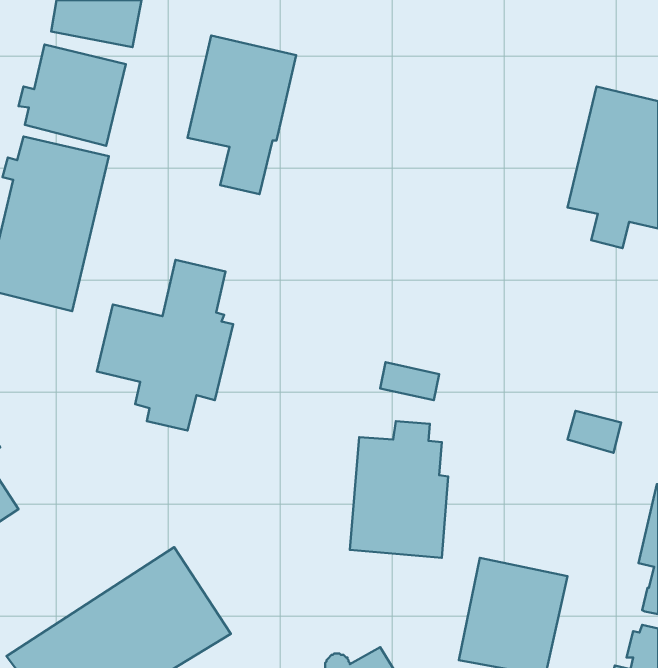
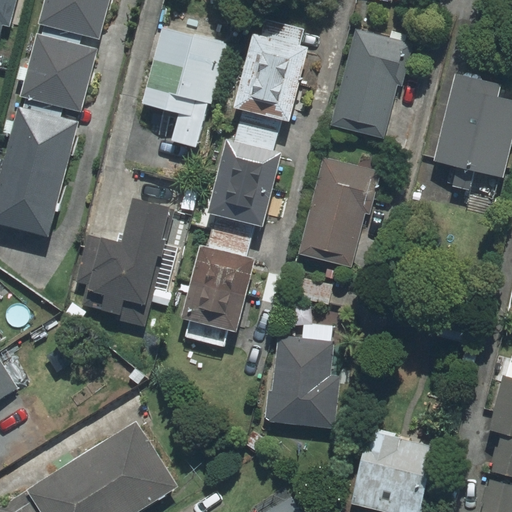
building: none -> [179,21,311,348]
building: none -> [328,30,411,137]
building: none -> [295,158,376,269]

